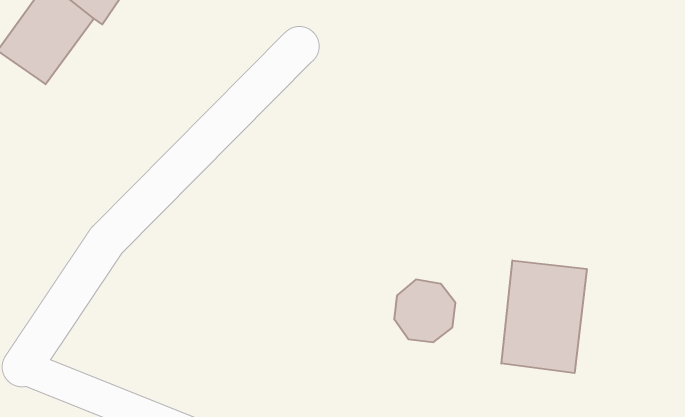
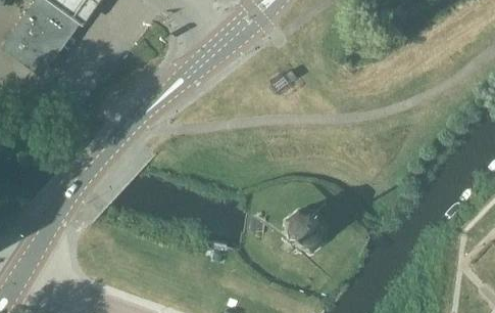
building: [501,260,587,373] -> none

